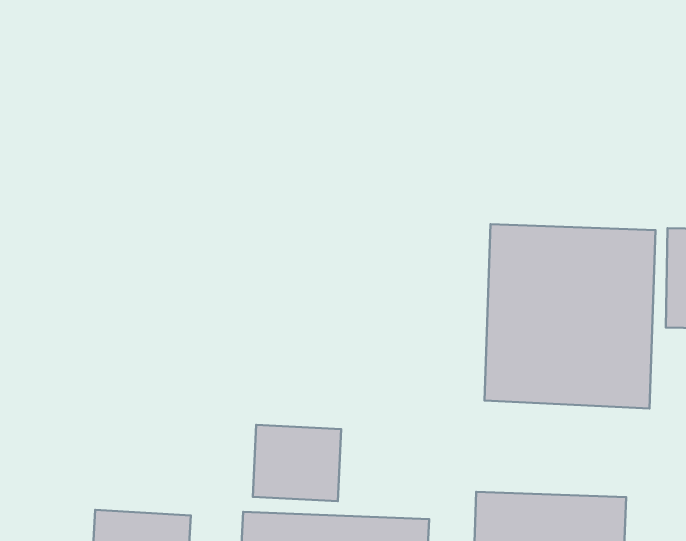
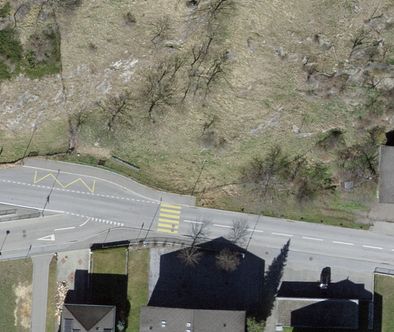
building: [485,224,656,409] -> none
building: [253,425,341,501] -> none

